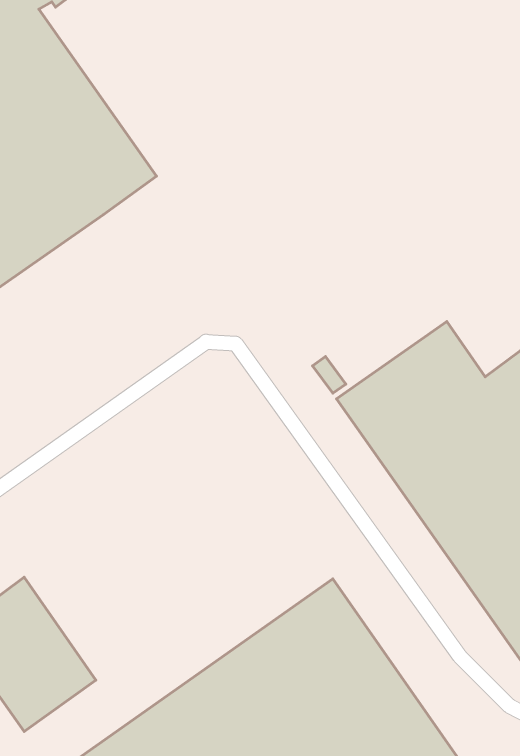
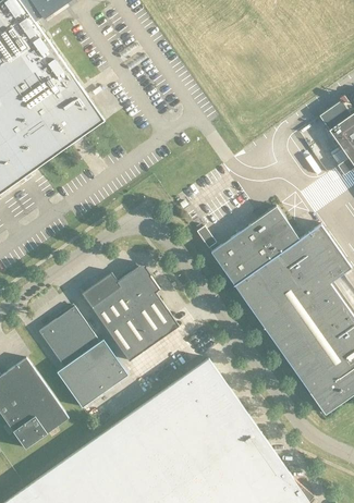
building: none -> [82,265,179,360]
building: none -> [39,306,129,407]

